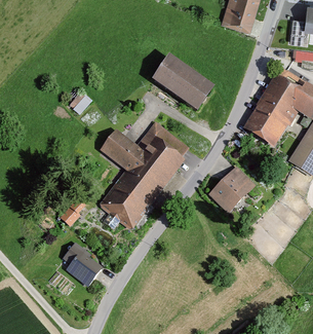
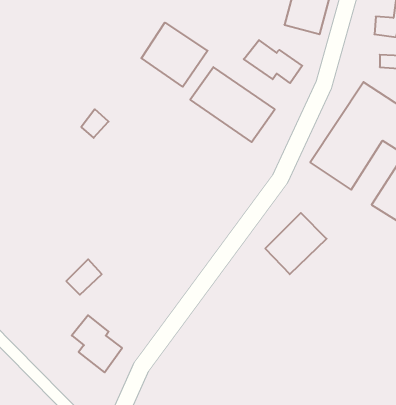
building: none -> [141,23,208,87]
building: none -> [244,40,302,83]
building: [99,121,188,228] -> none

